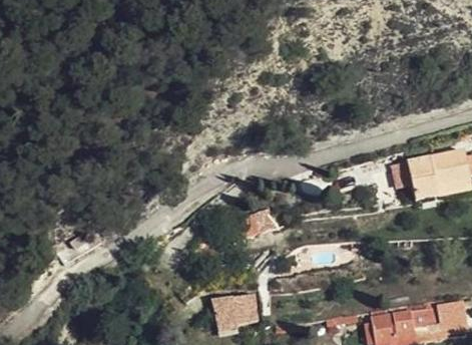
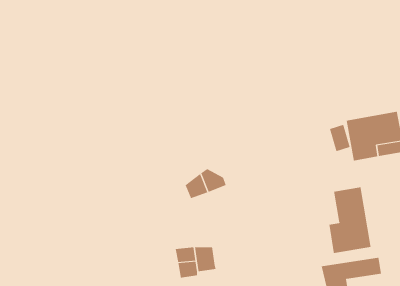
building: none -> [329,187,371,254]

